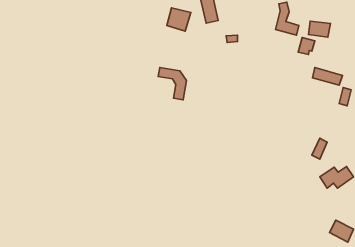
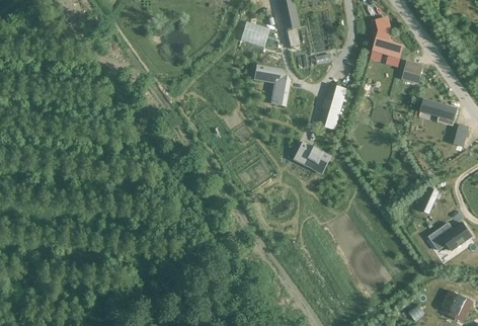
building: [308,21,331,37] -> none
building: none -> [319,85,345,129]
building: [158,68,186,100] -> [253,65,289,105]
building: none -> [294,144,330,174]

